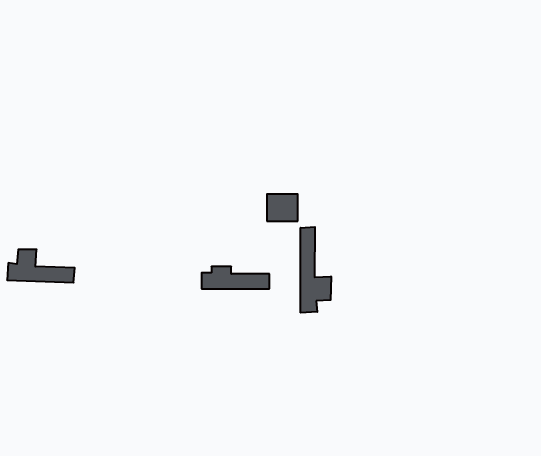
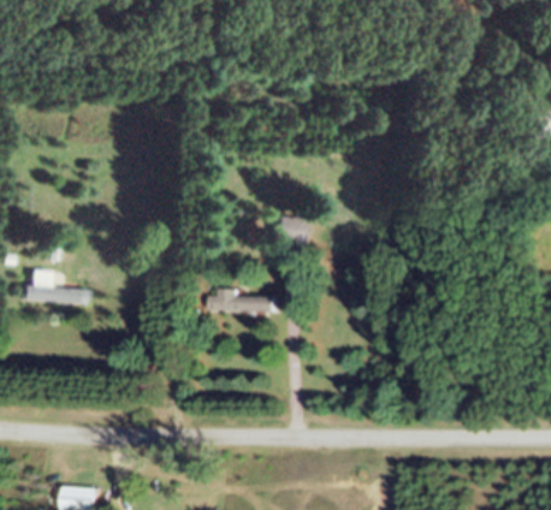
building: [301,227,331,313] -> none

